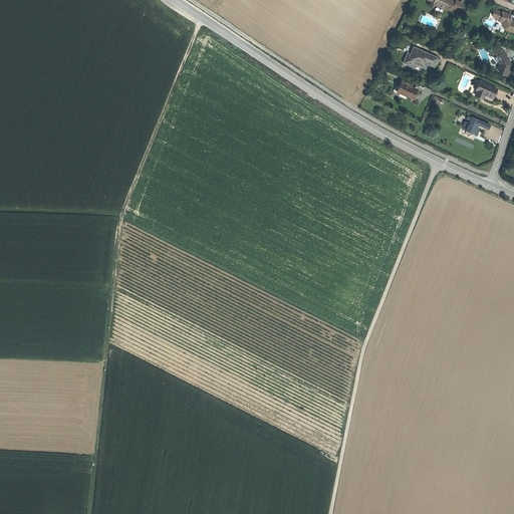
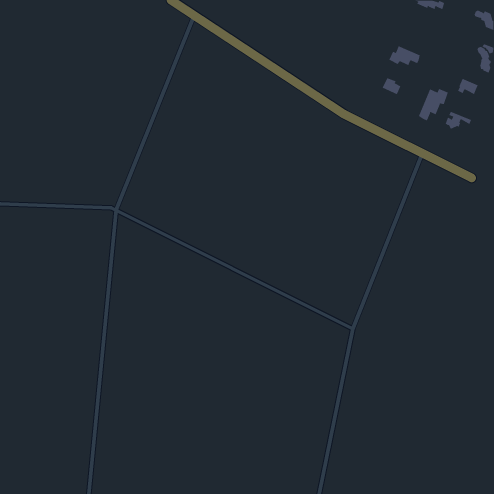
building: none -> [418,88,449,121]

